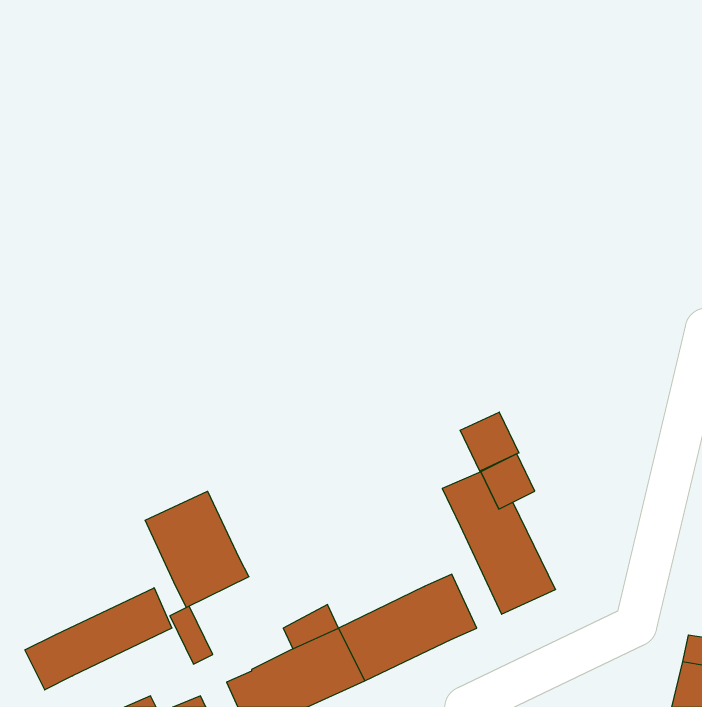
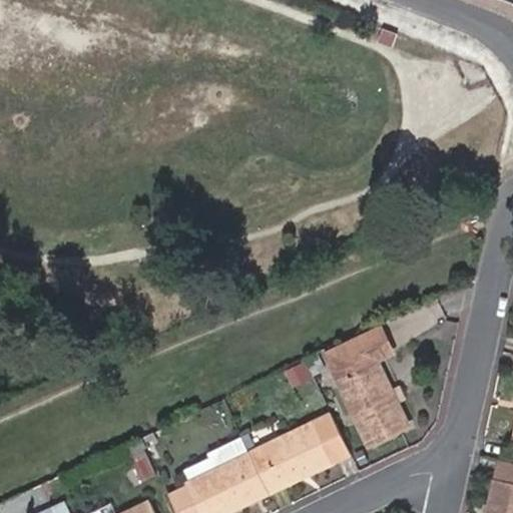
building: [460,412,519,471] -> none
building: [145,491,249,607] -> none
building: [25,588,172,690] -> none

